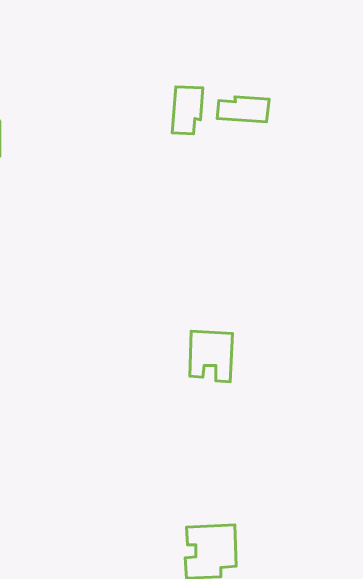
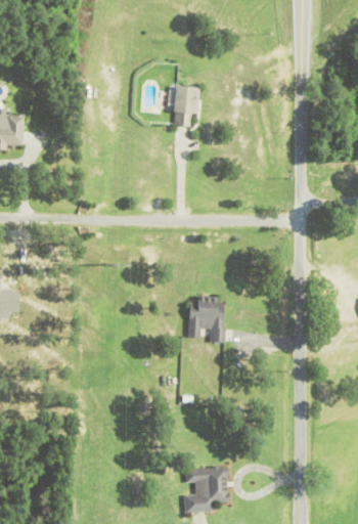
building: [217,97,269,122] -> none

